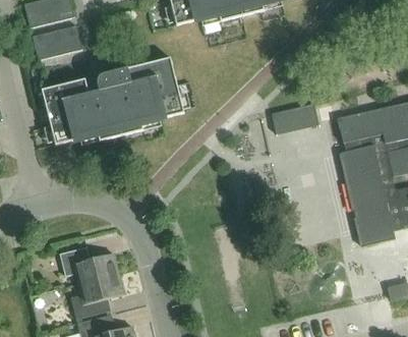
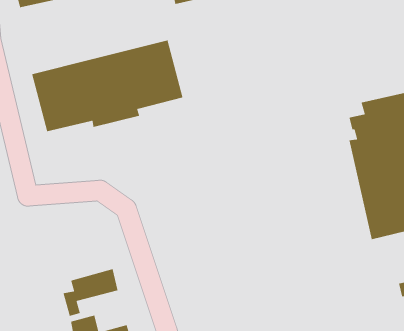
building: [32,25,82,60] -> none
building: [272,104,317,134] -> none
building: [59,246,118,284] -> none

